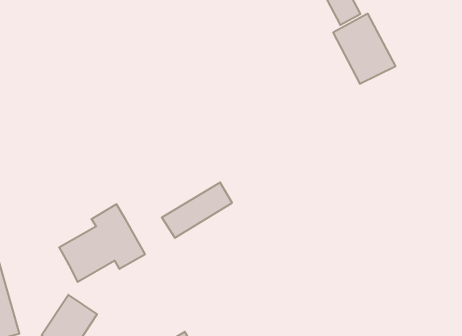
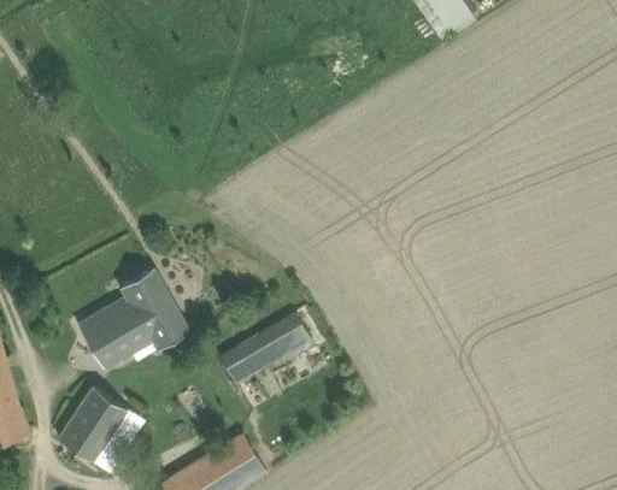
building: [333,14,395,84] -> none
building: [162,182,232,238] -> [219,314,311,386]

